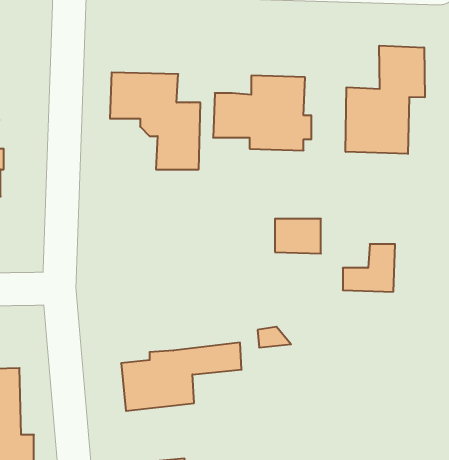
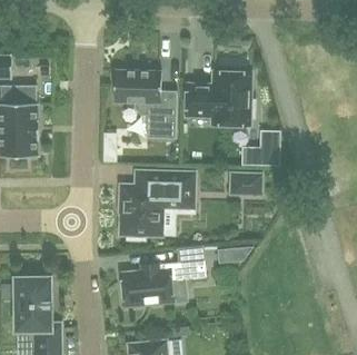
building: [346,46,425,154] -> none
building: none -> [119,171,194,240]
building: [343,244,395,292] -> [242,131,279,165]

